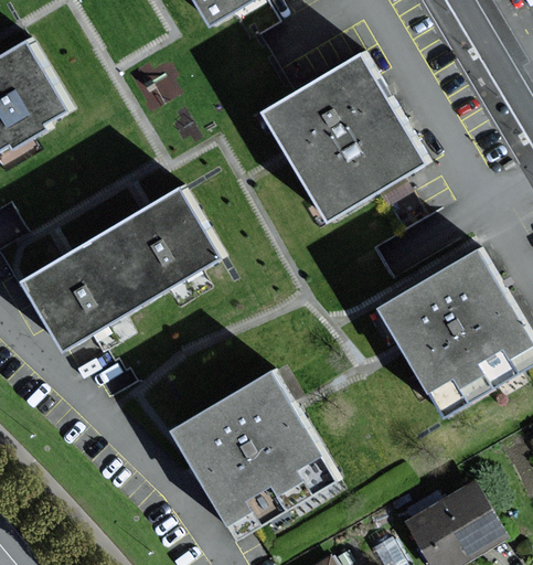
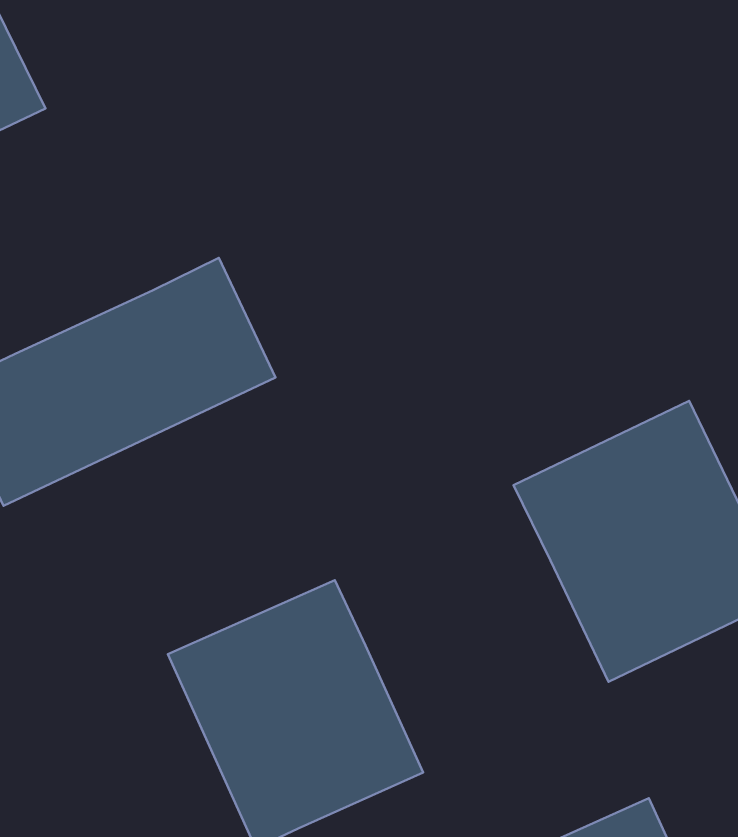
building: [260,53,424,221] -> none

